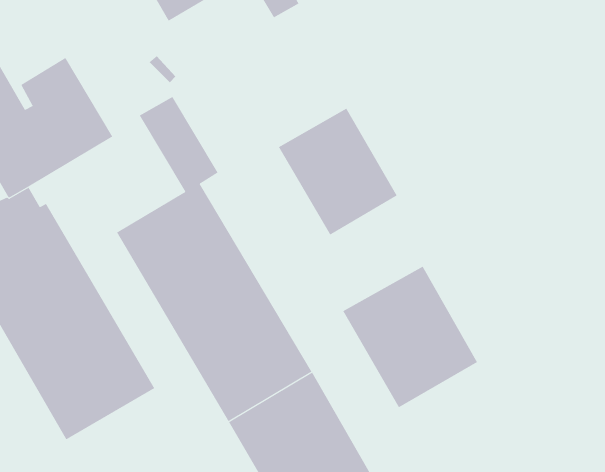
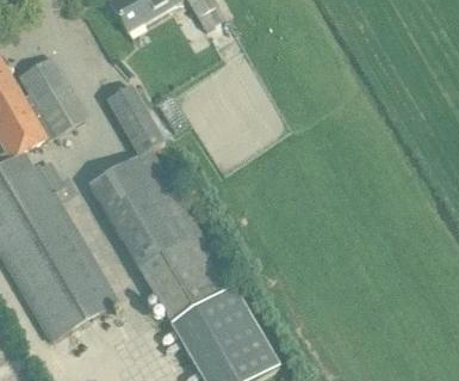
building: [278,108,398,235] -> none
building: [343,266,478,408] -> none

